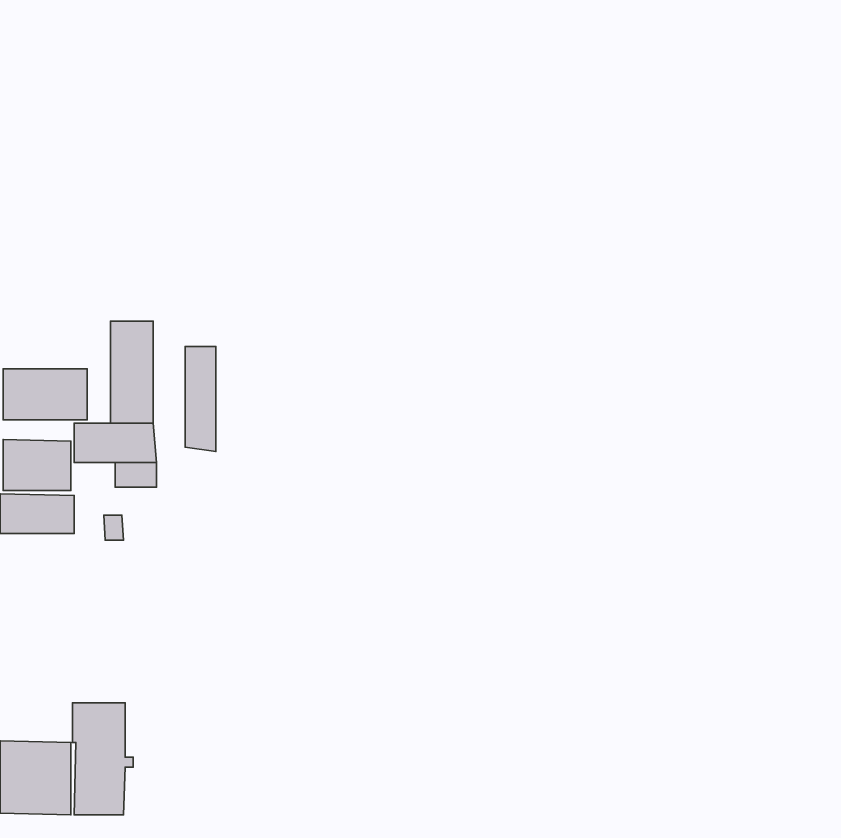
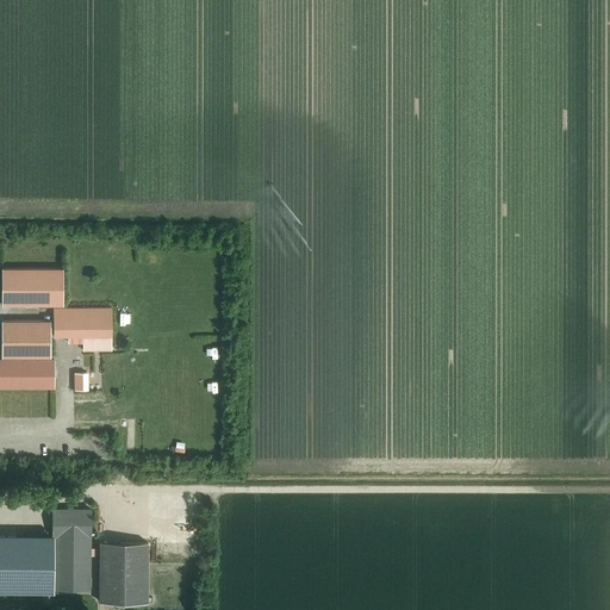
building: [111,321,153,423] -> none
building: [185,347,216,451] -> none
building: none -> [99,544,148,604]

